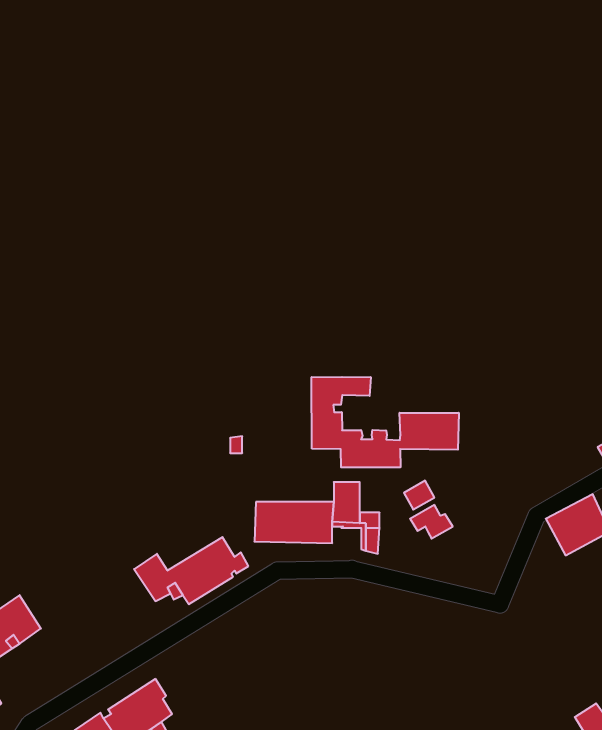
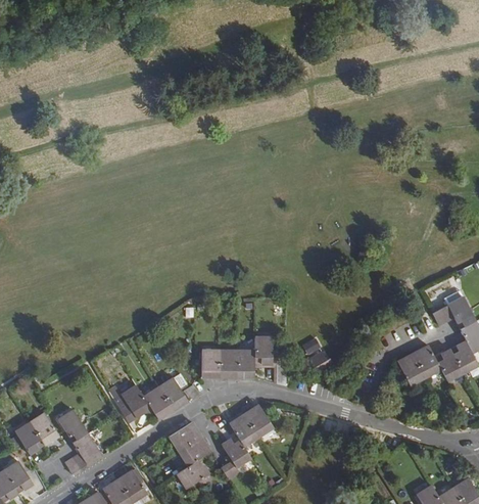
building: [312,377,459,467] -> none
building: none -> [220,404,273,479]
building: none -> [58,410,101,473]
building: none -> [169,421,210,488]

